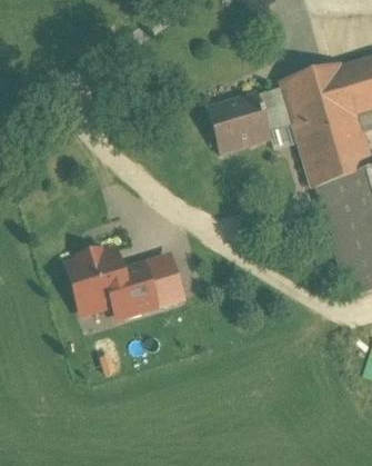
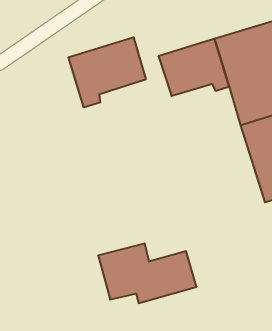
building: none -> [69,37,146,107]
building: [62,242,189,319] -> [98,243,197,303]

